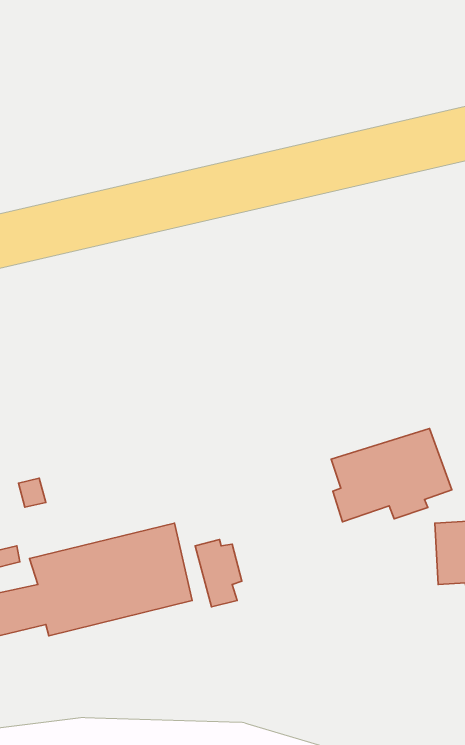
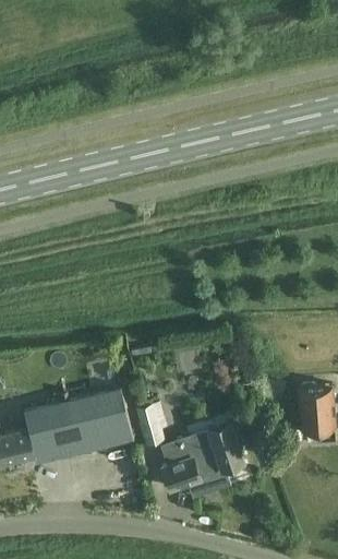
building: [331,429,452,522] -> [160,426,242,489]

